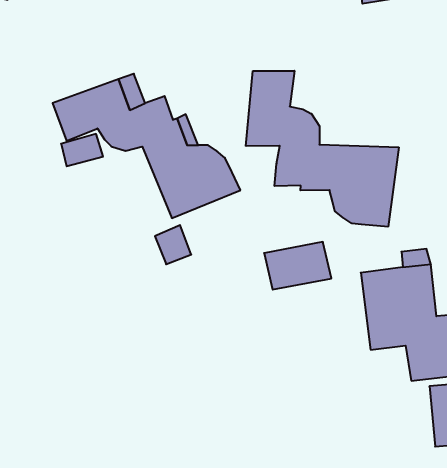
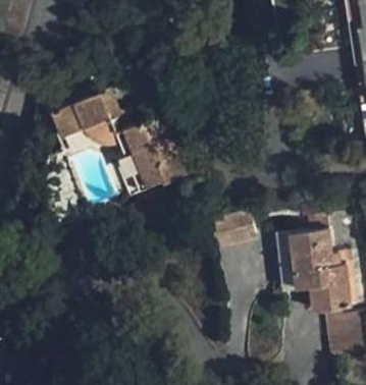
building: [246,71,399,227] -> none

